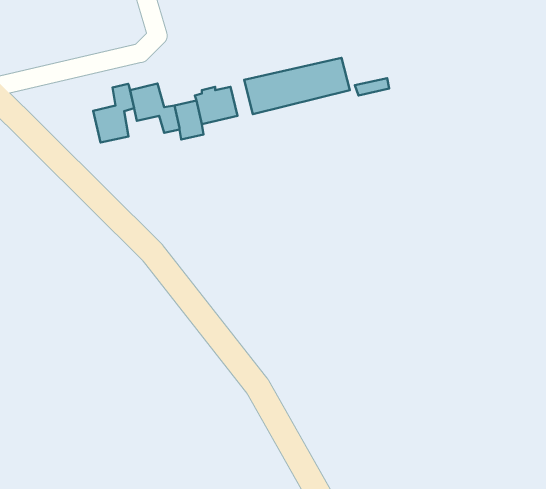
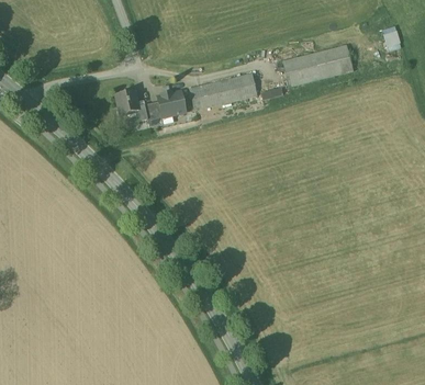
building: none -> [282,45,353,87]
building: [93,84,134,142] -> none

